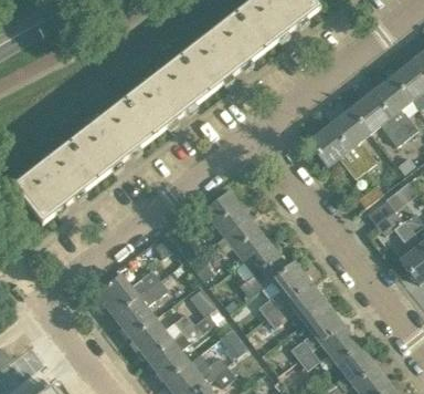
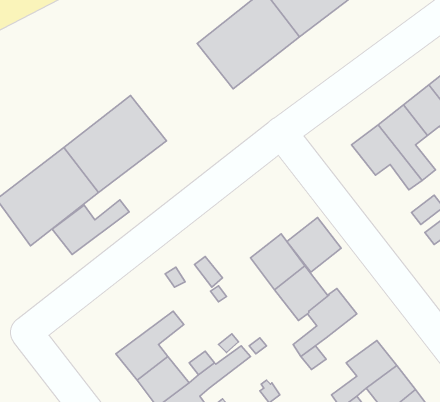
building: [124,56,209,137] -> none
building: [203,189,248,235] -> [287,217,341,272]
building: [95,269,159,314] -> [52,200,129,254]
building: [286,281,328,322] -> none

